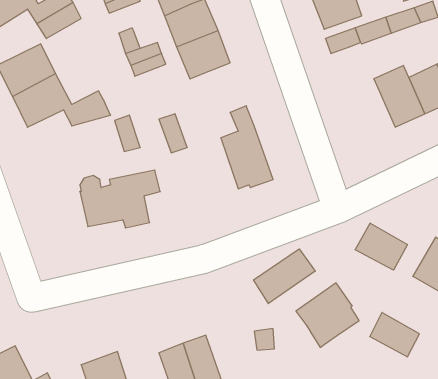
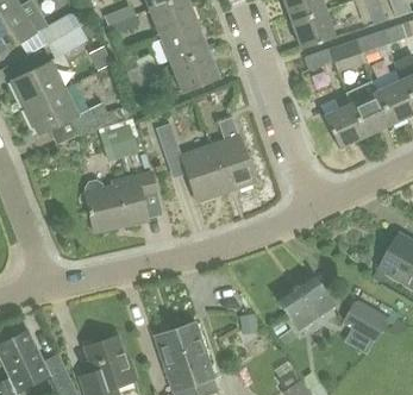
building: none -> [324,104,364,148]
building: none -> [180,145,225,203]
building: [355,223,407,270] -> none
building: [254,249,315,304] -> none

